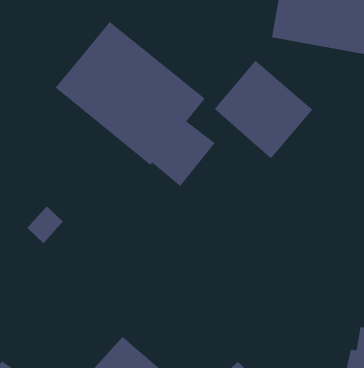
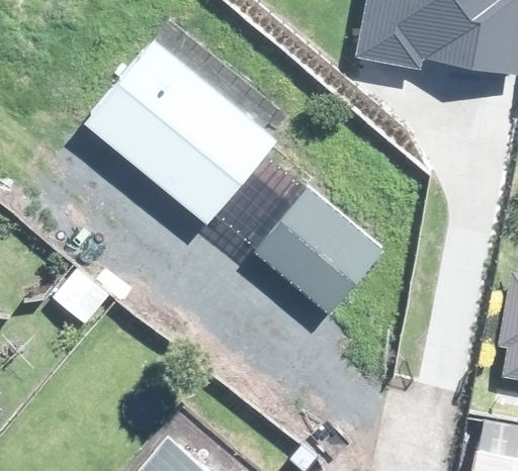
building: [214,60,313,159] -> [260,185,384,309]

